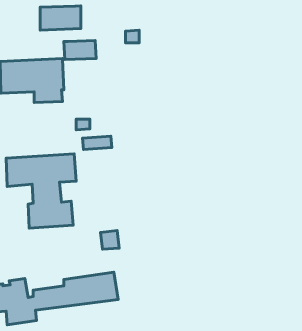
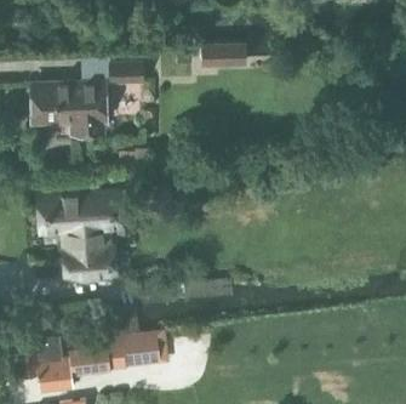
building: [40,6,81,30] -> none
building: none -> [201,44,246,66]

